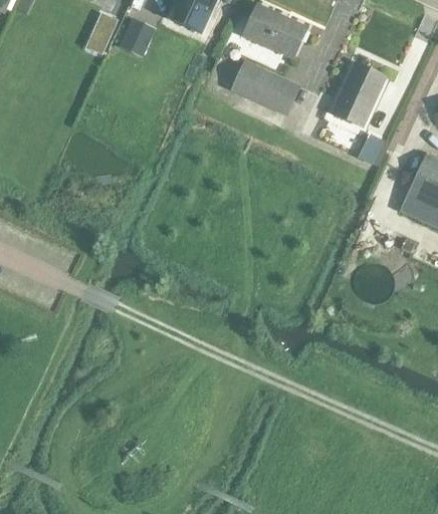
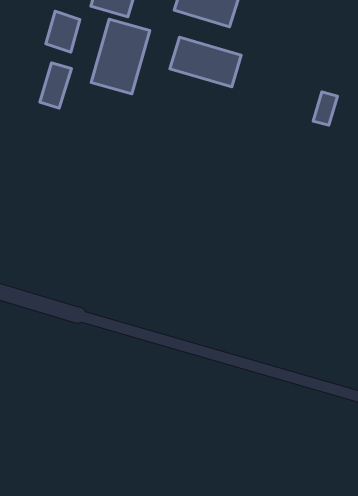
building: [84,13,119,56] -> [40,63,72,108]
building: none -> [91,19,150,94]
building: [333,62,385,125] -> none

